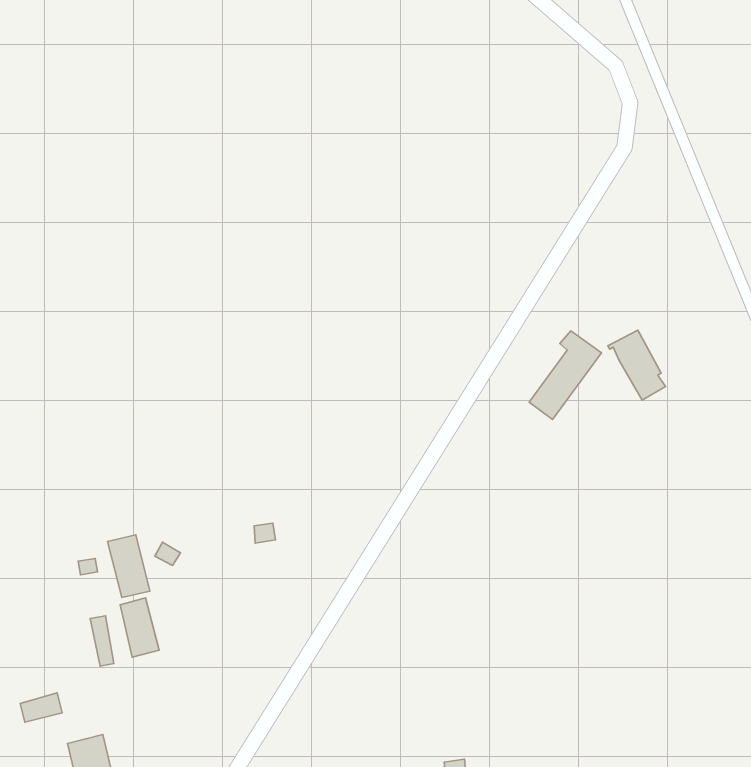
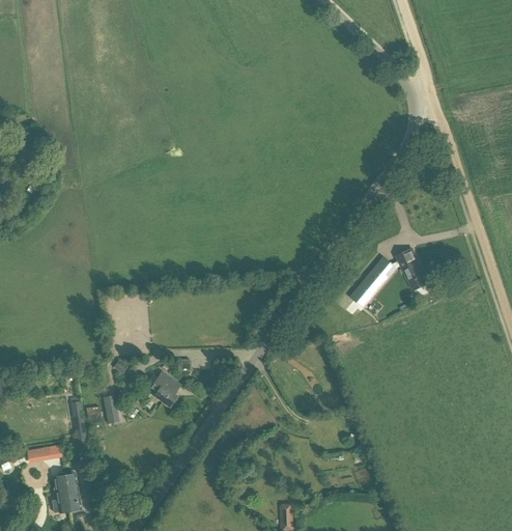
building: [107,535,150,598] -> none
building: none -> [152,372,182,407]

